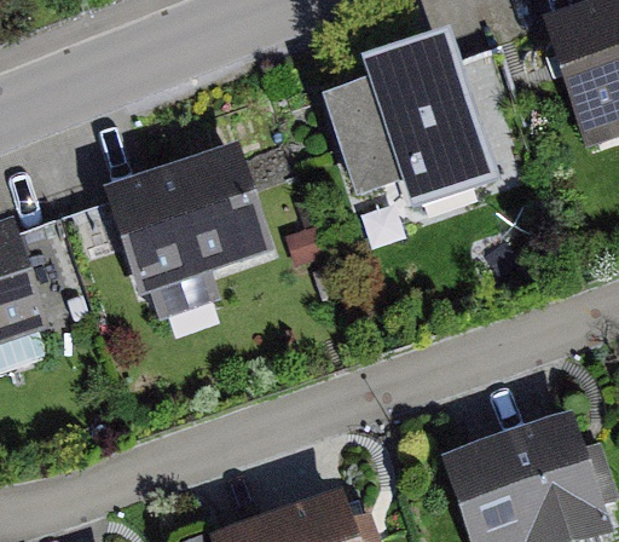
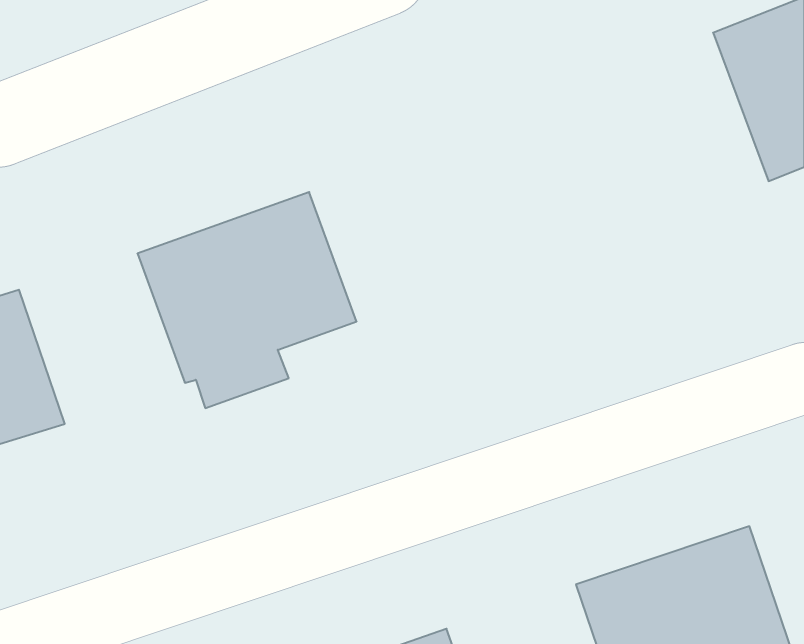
building: [324,47,503,221] -> none

